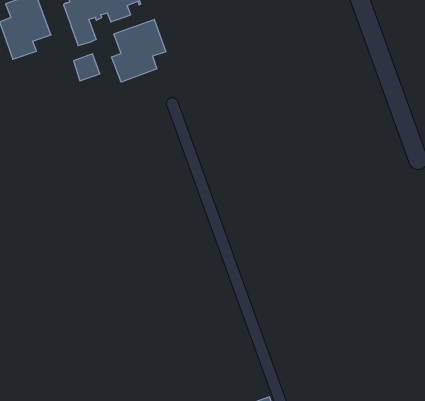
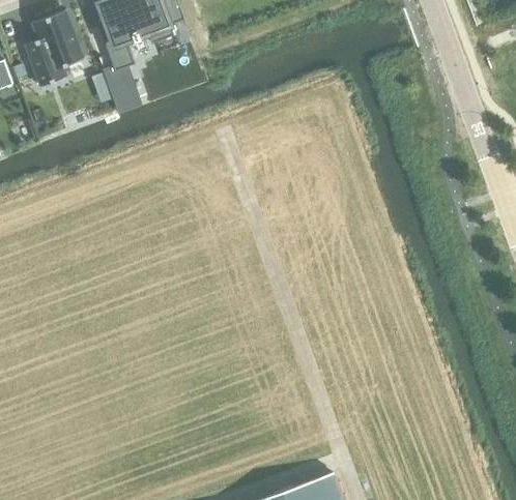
building: [111,19,166,82] -> none

